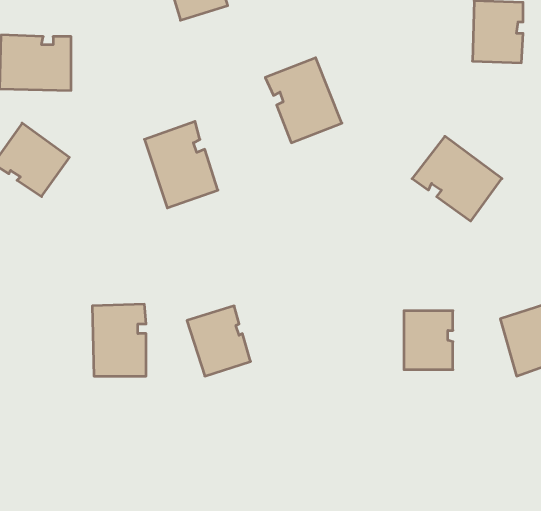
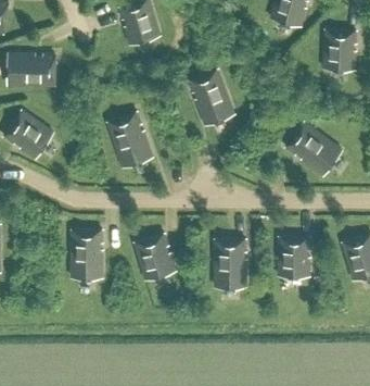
building: none -> [213,237,248,286]

